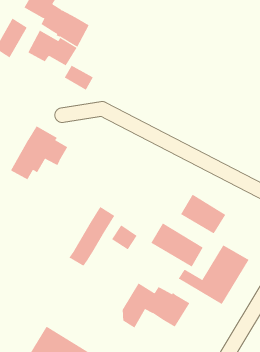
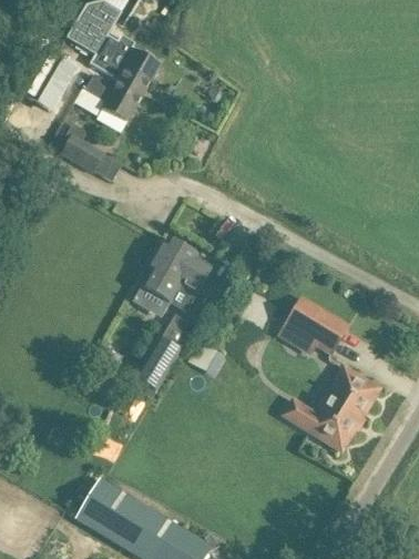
building: [64,65,94,90] -> [63,134,104,170]
building: [10,126,68,180] -> [133,236,213,312]
building: [150,222,204,268] -> none
building: [122,283,190,328] -> none

